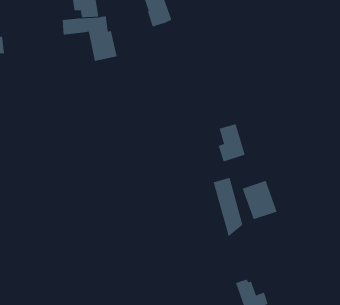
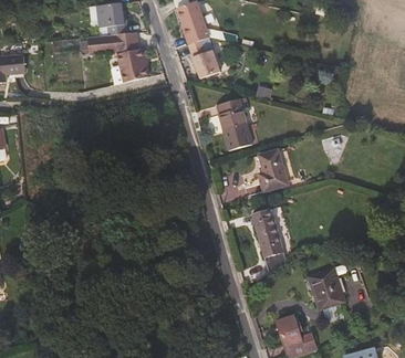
building: none -> [186,40,219,78]
building: none -> [216,96,258,149]
building: [242,180,277,220] -> [307,267,345,310]

